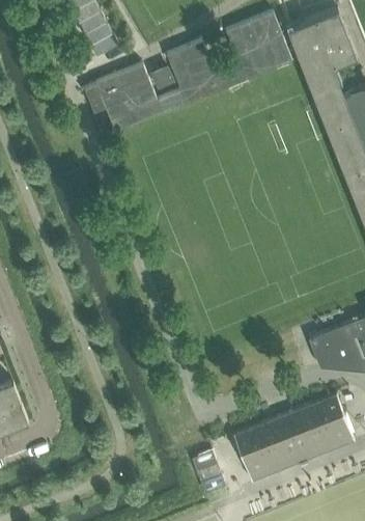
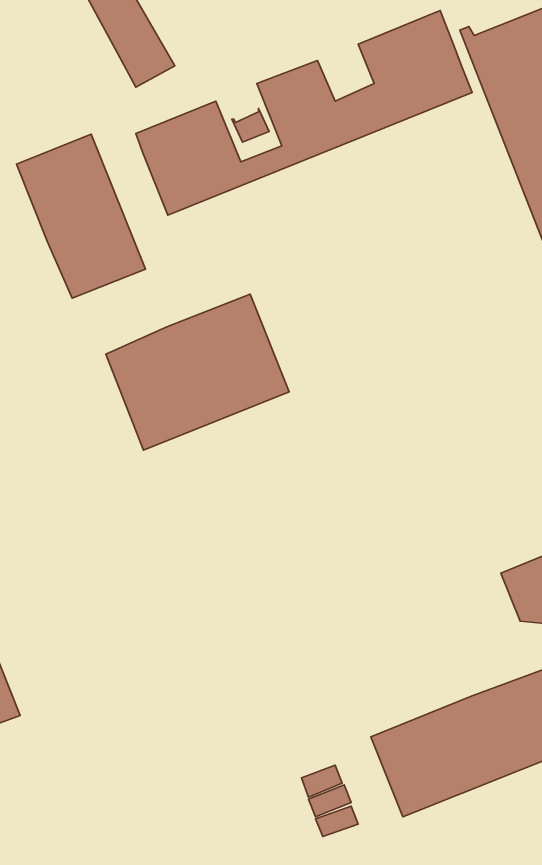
building: none -> [17,134,146,298]
building: none -> [106,294,289,450]

